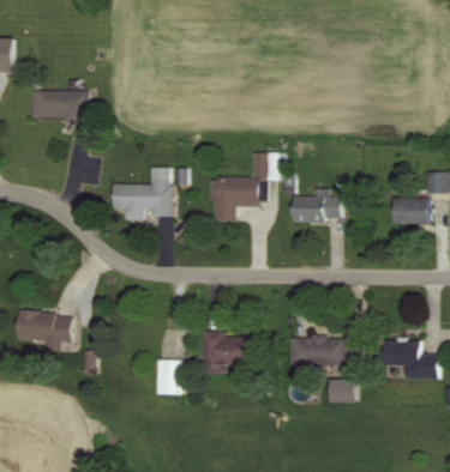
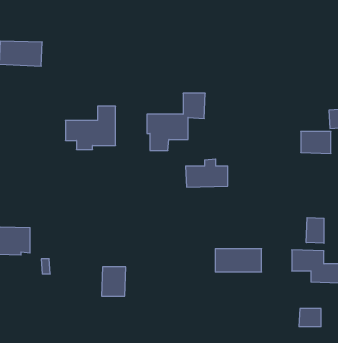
building: [292,188,342,222] -> [186,159,228,187]
building: none -> [306,218,324,243]
building: [202,331,245,374] -> none
building: [328,380,354,401] -> [299,309,321,327]

